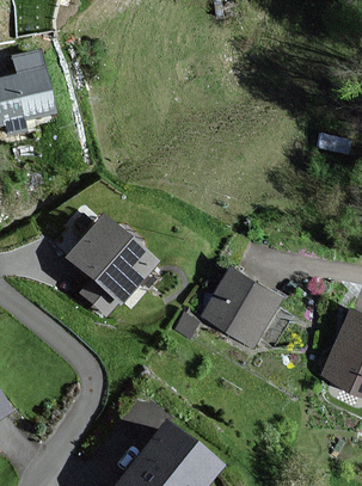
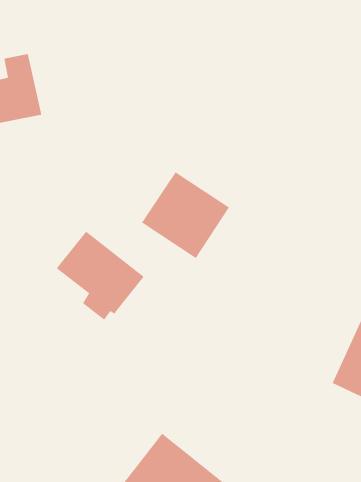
building: [204,262,289,345] -> [141,171,230,259]

